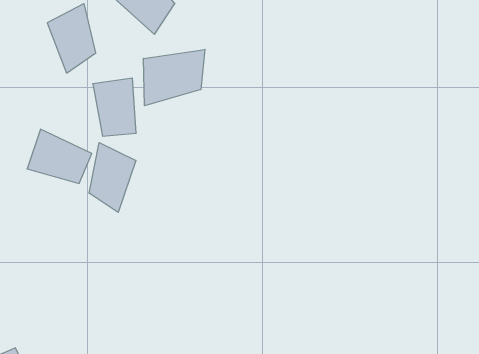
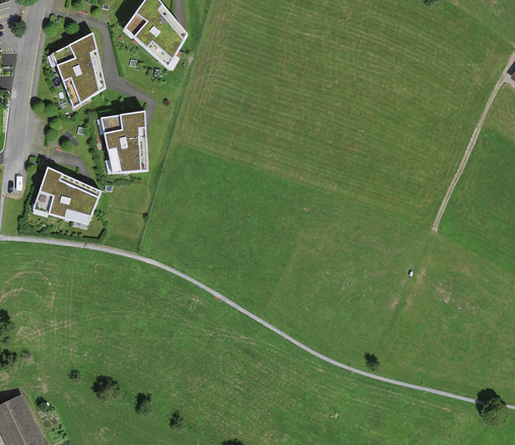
building: [143,49,205,106] -> none
building: [89,143,136,212] -> none

